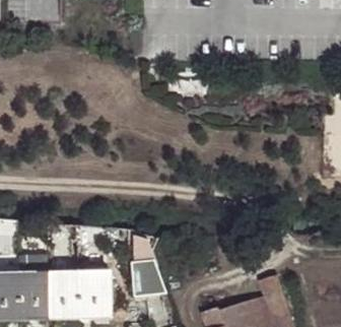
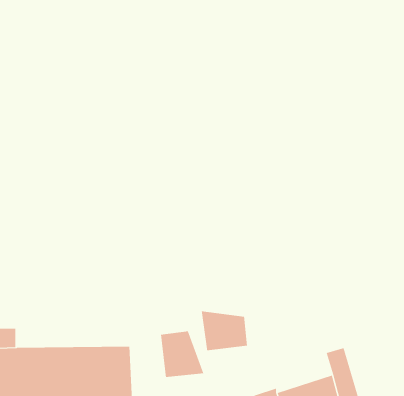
building: none -> [201,310,248,351]

